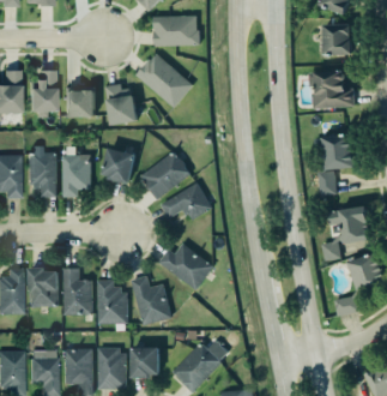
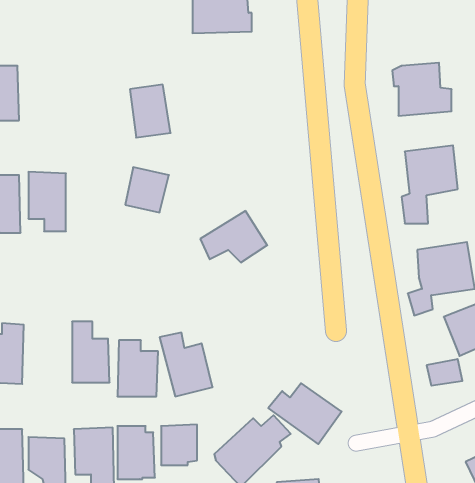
building: [321,24,350,54] -> none
building: [137,53,193,107] -> none
building: [28,70,55,113] -> none
building: [65,88,95,118] -> none
building: [137,150,189,197] -> none
building: [61,155,90,197] -> none
building: [156,242,212,289] -> [268,383,342,444]
building: [29,269,58,307] -> none

